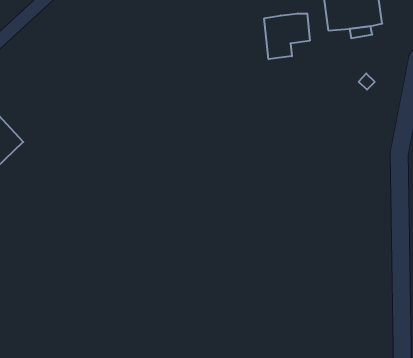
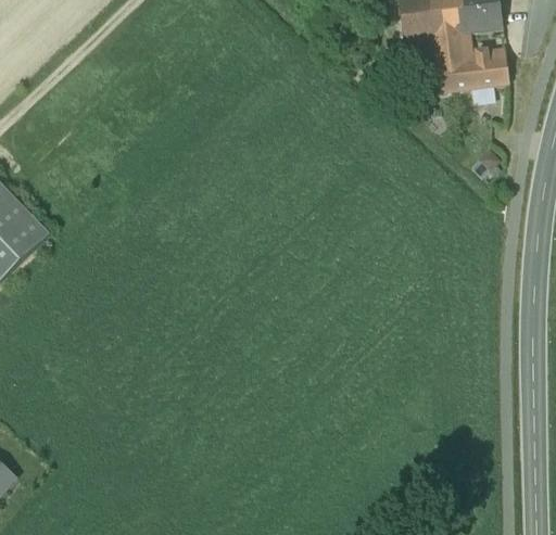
building: [264,13,310,59] -> none

